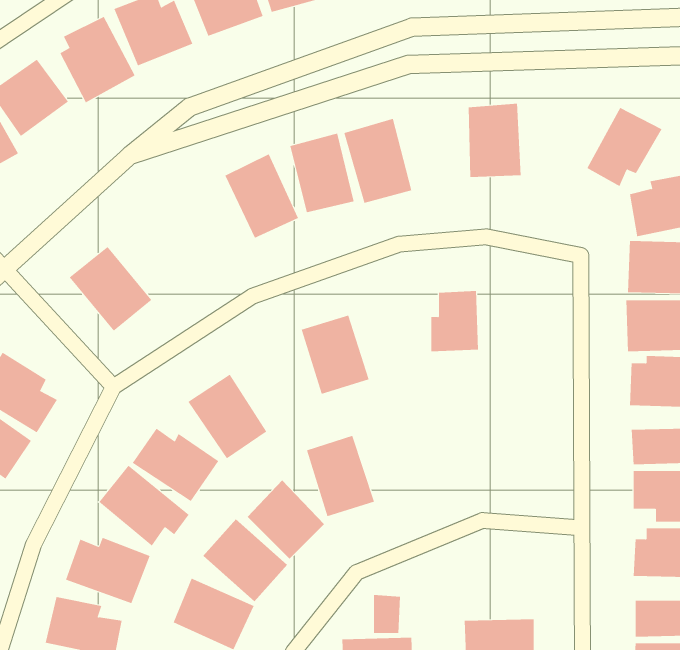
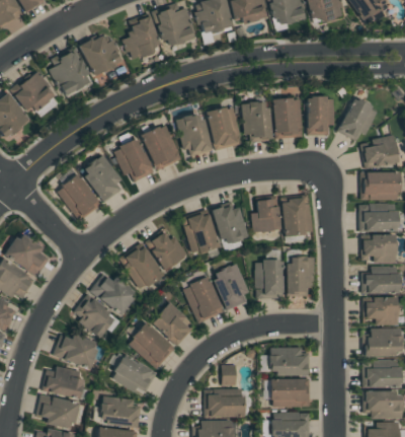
building: none -> [308,96,335,135]
building: none -> [242,101,270,138]
building: none -> [113,139,154,181]
building: none -> [81,155,126,202]
building: none -> [280,197,313,237]
building: none -> [214,205,248,243]
building: none -> [149,229,186,271]
building: none -> [287,257,314,295]
building: none -> [256,260,284,297]
building: none -> [213,264,251,310]
building: none -> [270,348,306,375]

